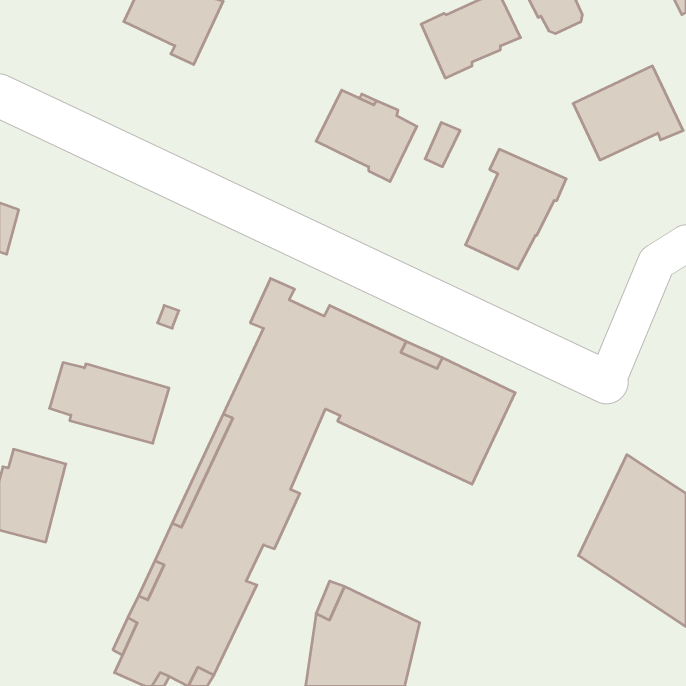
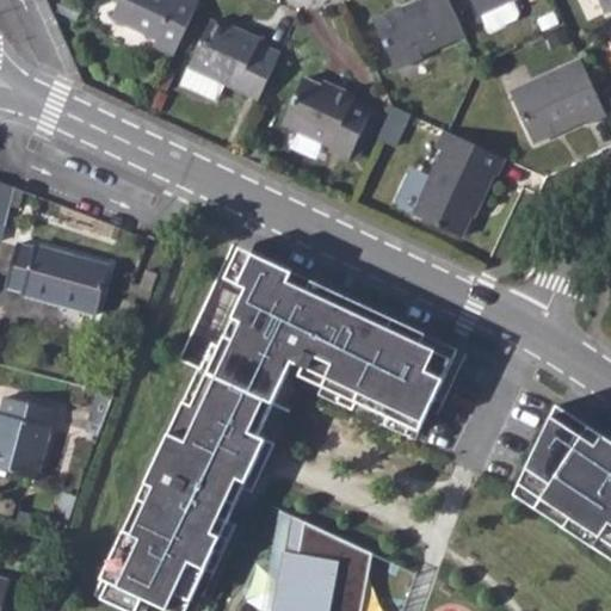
building: none -> [189,24,277,100]
building: [49,363,169,443] -> [6,245,112,316]

